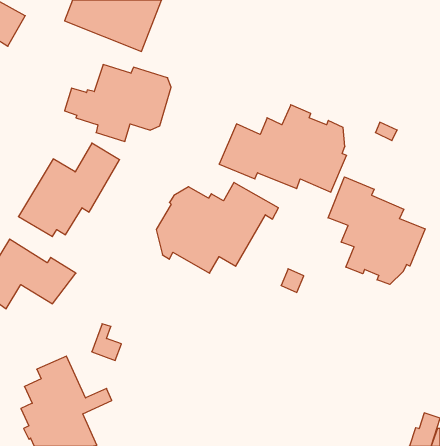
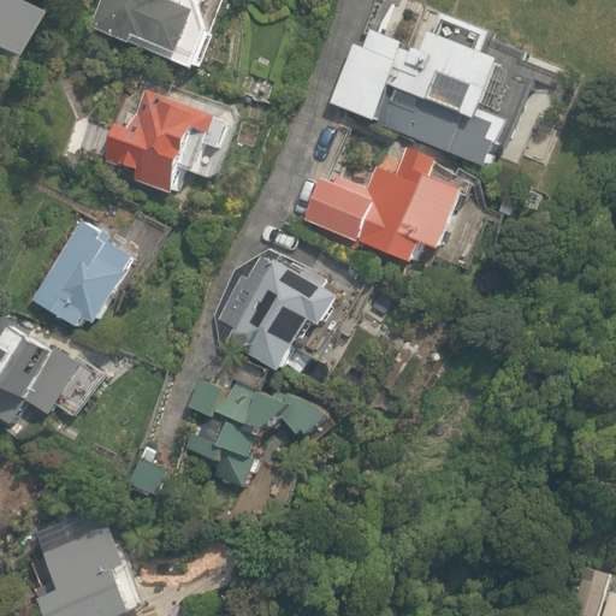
building: none -> [331,17,504,162]
building: [328,177,425,284] -> none
building: none -> [185,380,326,486]

